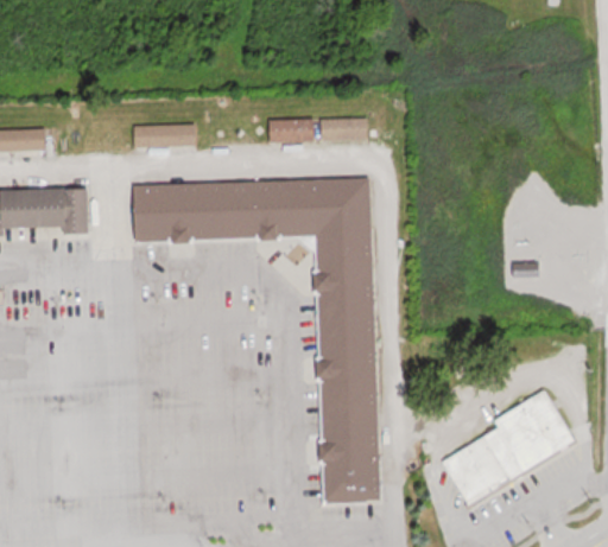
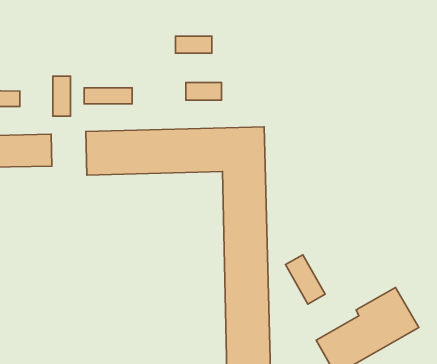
building: none -> [53,76,71,116]
building: [318,117,367,140] -> [175,36,212,53]
building: none -> [285,255,325,304]

